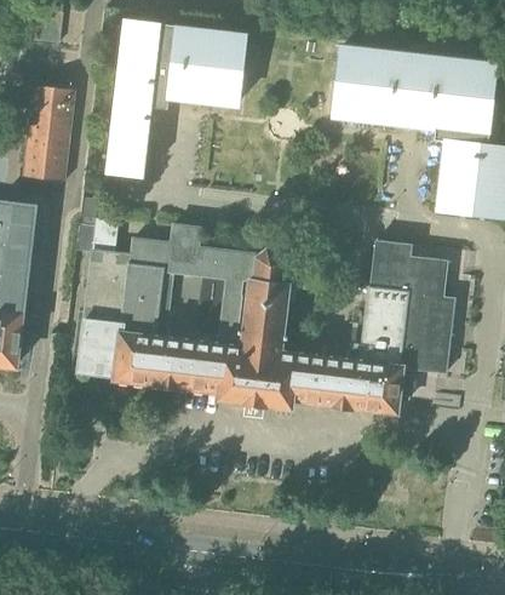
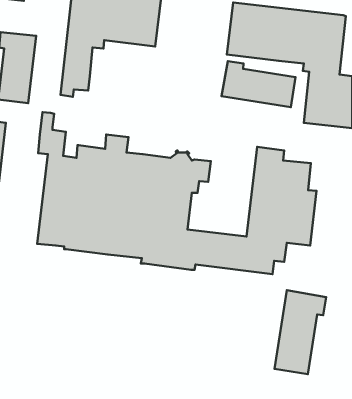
building: none -> [222,61,296,107]
building: none -> [275,290,326,374]

